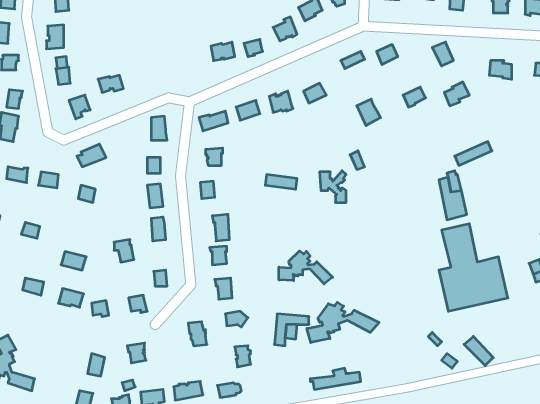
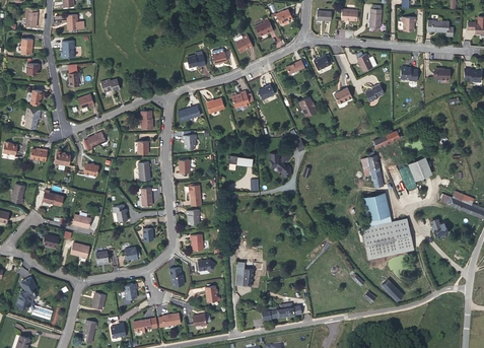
building: none -> [407,154,432,180]
building: [279,251,333,284] -> none
building: [307,302,379,343] -> none

